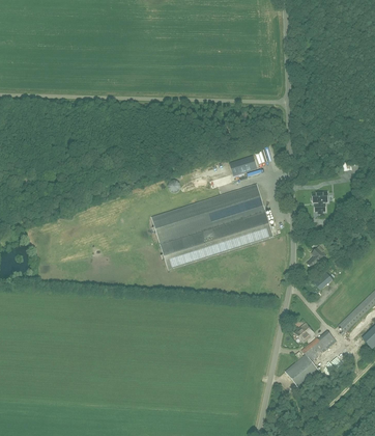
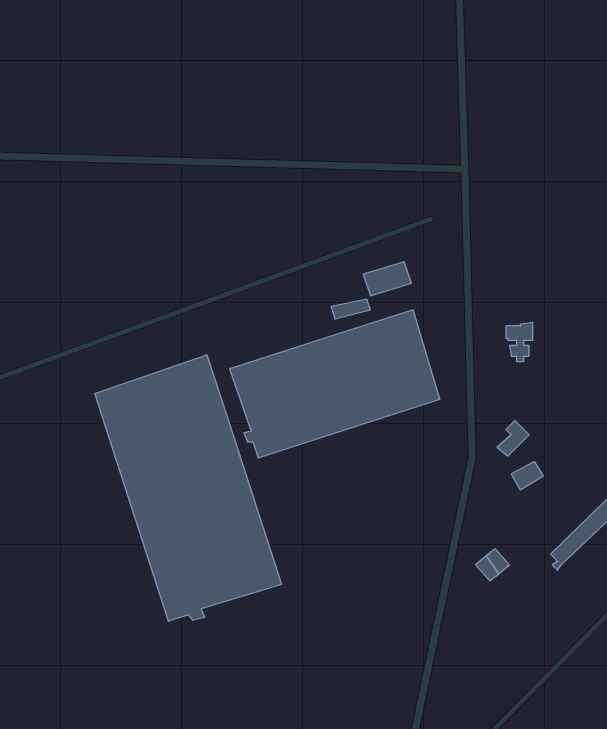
building: none -> [95,355,282,621]
building: [285,330,336,386] -> none

